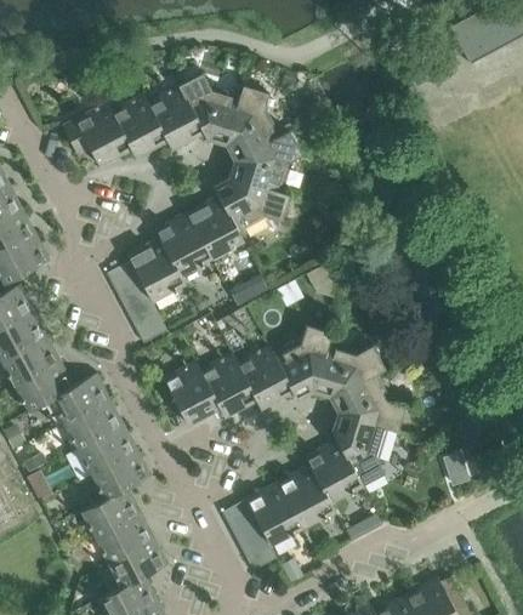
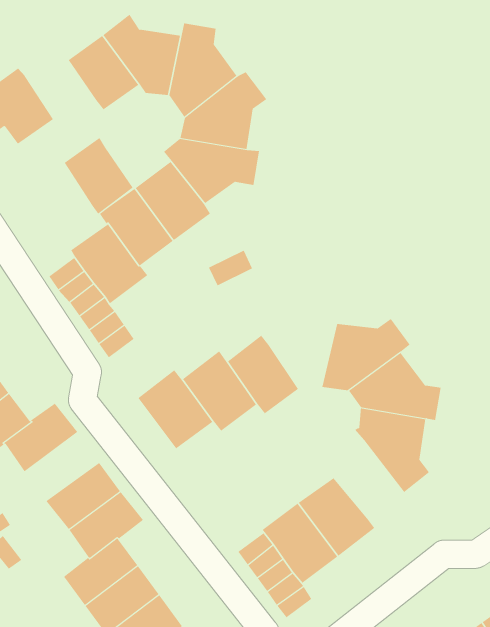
building: [110,96,163,156] -> [64,137,134,214]
building: [271,325,330,400] -> none
building: [62,399,123,450] -> none
building: [301,440,359,502] -> none

